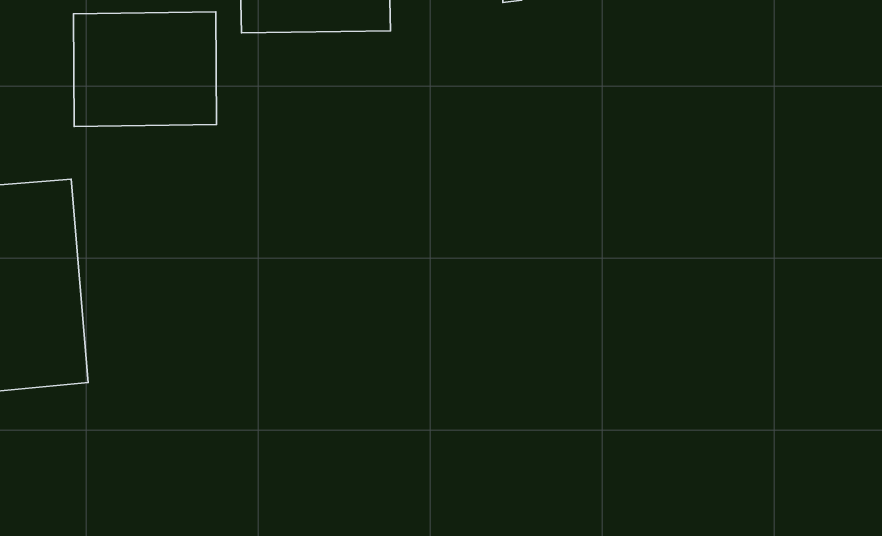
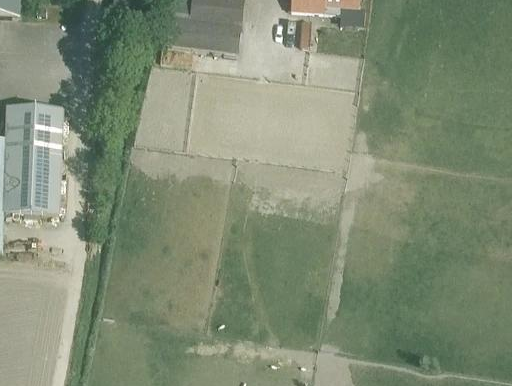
building: [73,12,217,126] -> none

